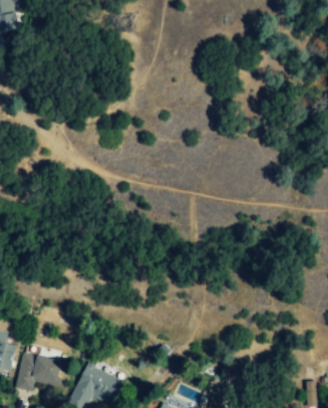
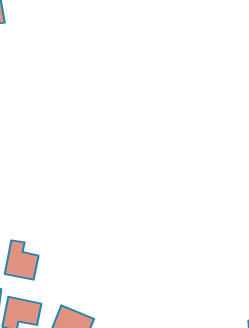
building: none -> [5,240,38,280]

